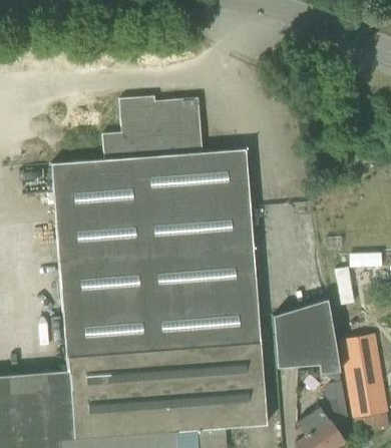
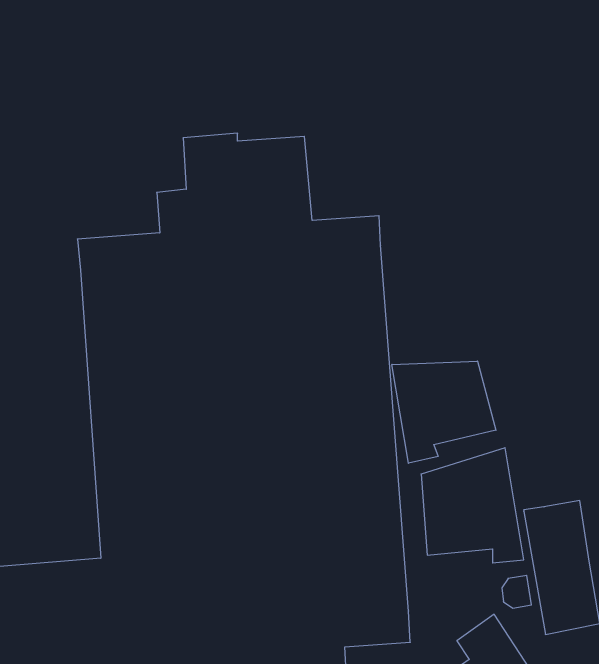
building: none -> [392,361,496,463]

